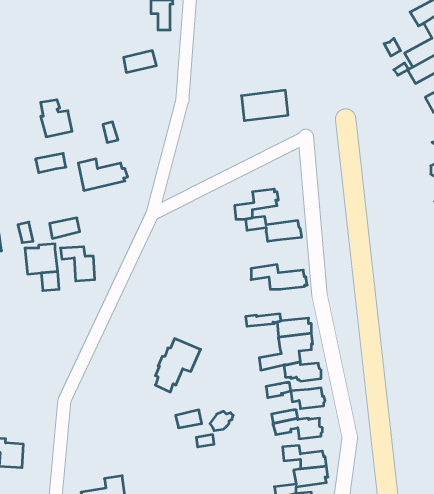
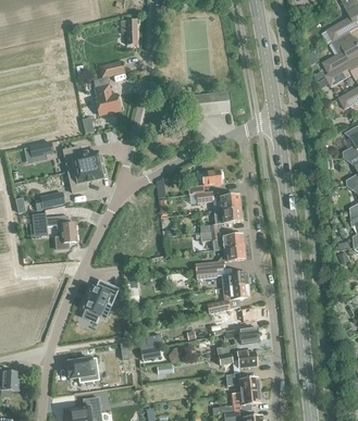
building: [41,100,72,137] -> [95,85,120,114]
building: none -> [67,163,104,191]
building: none -> [199,208,242,233]
building: none -> [203,247,245,271]
building: [155,339,201,392] -> [83,280,119,322]
building: none -> [66,358,99,383]

